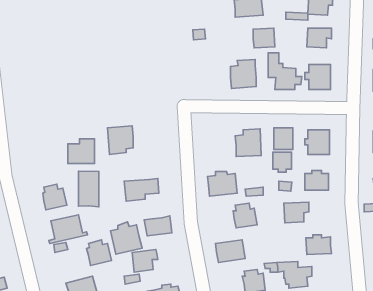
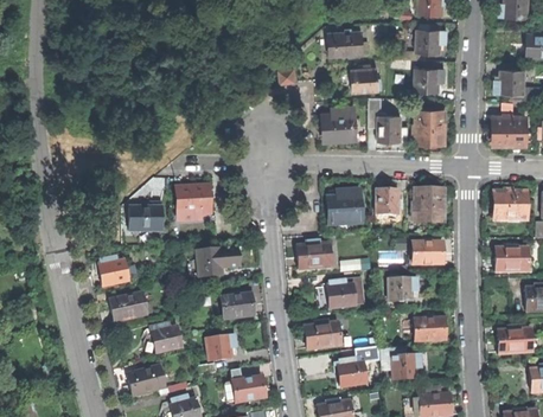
building: [273,152,292,172] -> none
building: [78,171,99,207] -> none
building: [110,222,142,254] -> none

